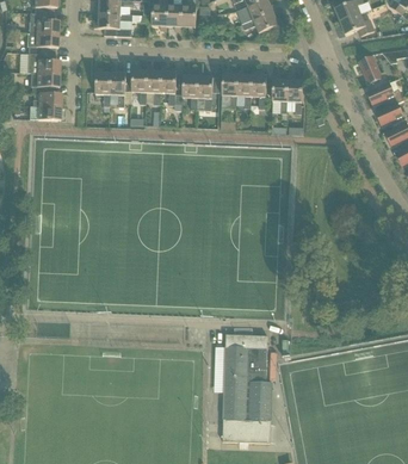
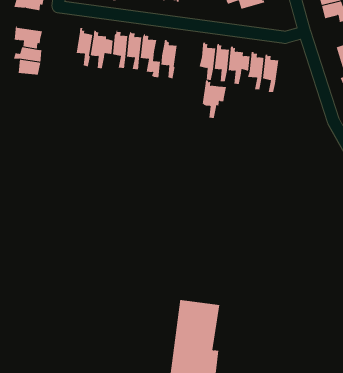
building: [26,52,58,74] -> none
building: [196,72,220,110] -> [202,80,227,119]

